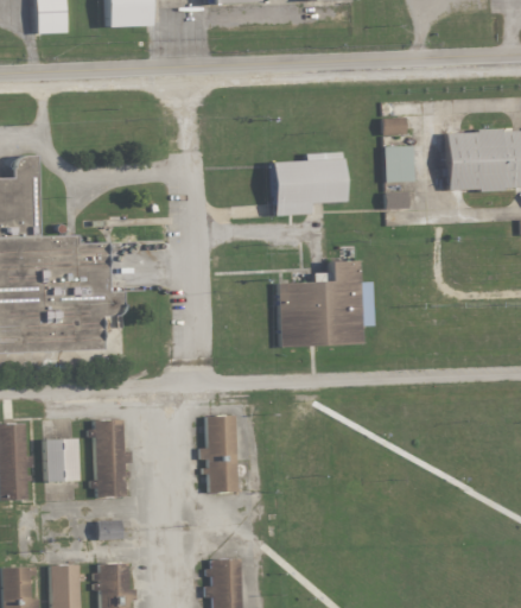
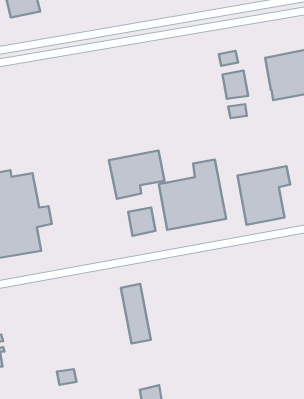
building: [269,159,342,217] -> [109,150,165,199]
building: none -> [237,166,290,225]
building: none -> [128,208,156,236]
building: [88,420,132,498] -> none
building: [43,439,77,483] -> none

